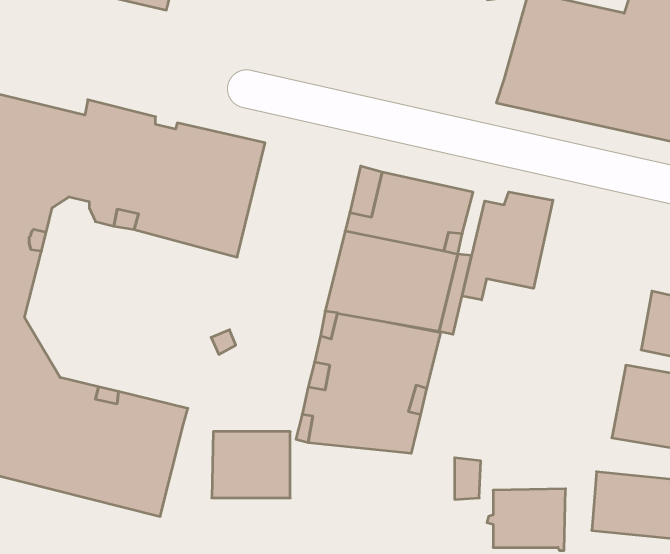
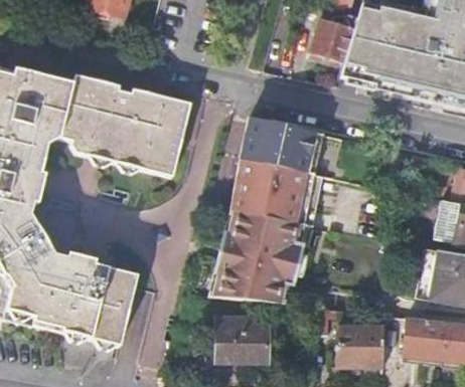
building: none -> [312,15,357,60]
building: [462,192,553,300] -> none
building: [212,432,290,498] -> [216,318,268,361]

